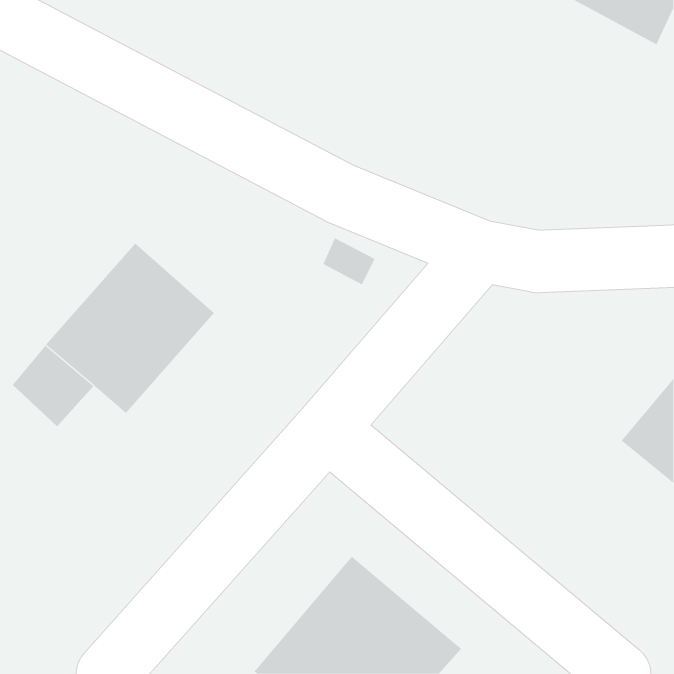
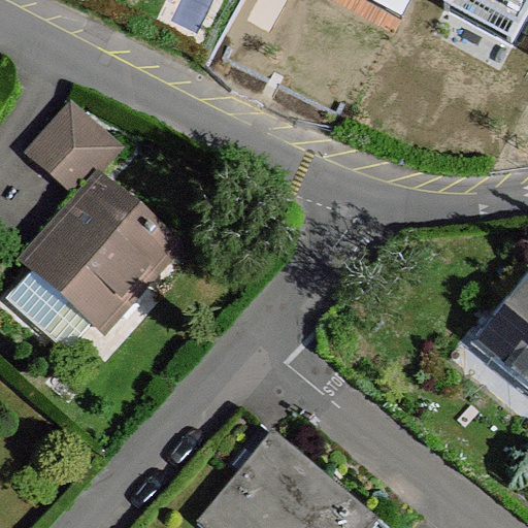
building: none -> [30,107,118,193]

